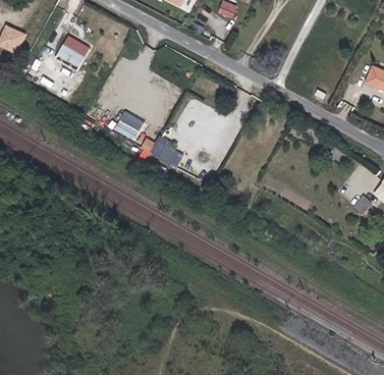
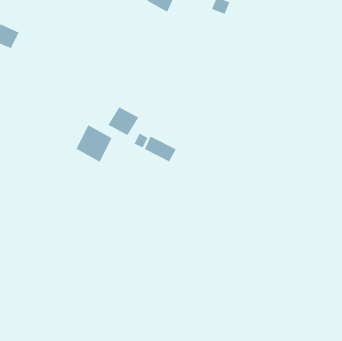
building: [59,33,91,64] -> none
building: none -> [76,124,112,162]

